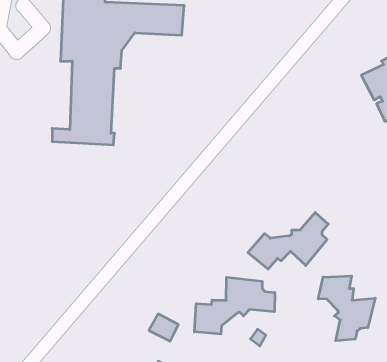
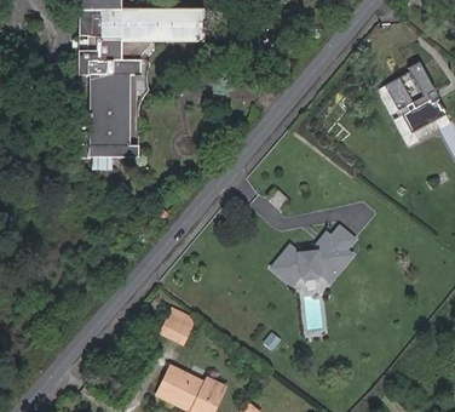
building: [318,276,375,341] -> none
building: [194,277,275,334] -> none

